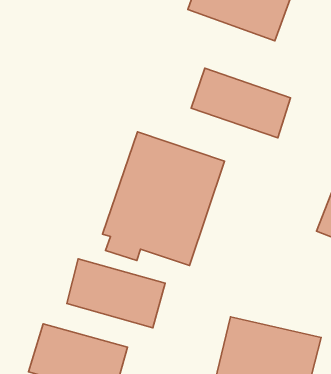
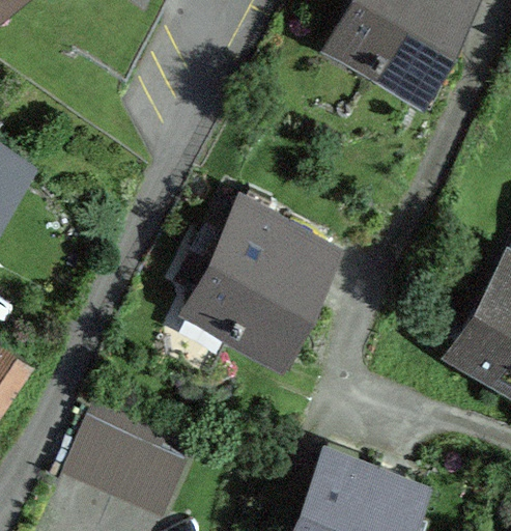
building: [191,68,290,138] -> none
building: [67,259,165,328] -> none

